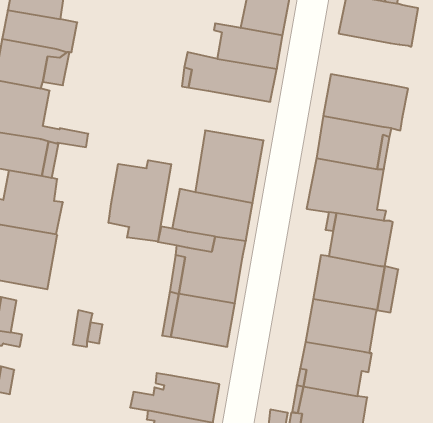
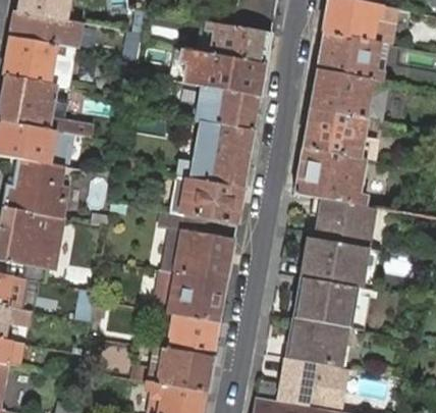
building: none -> [316,33,389,83]
building: none -> [197,86,260,132]
building: [109,160,171,242] -> none
building: none -> [168,314,220,357]

